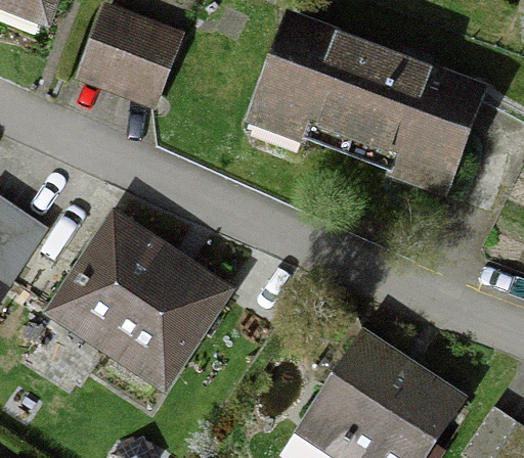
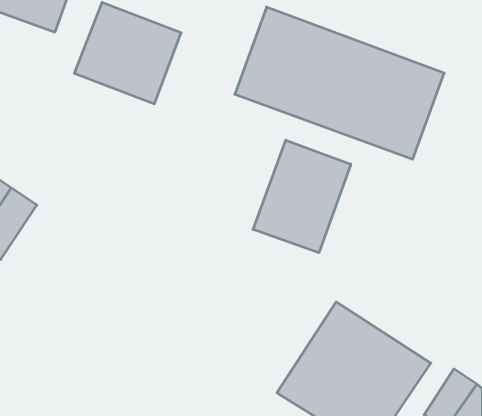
building: none -> [253,140,351,253]
building: [52,217,222,378] -> none

